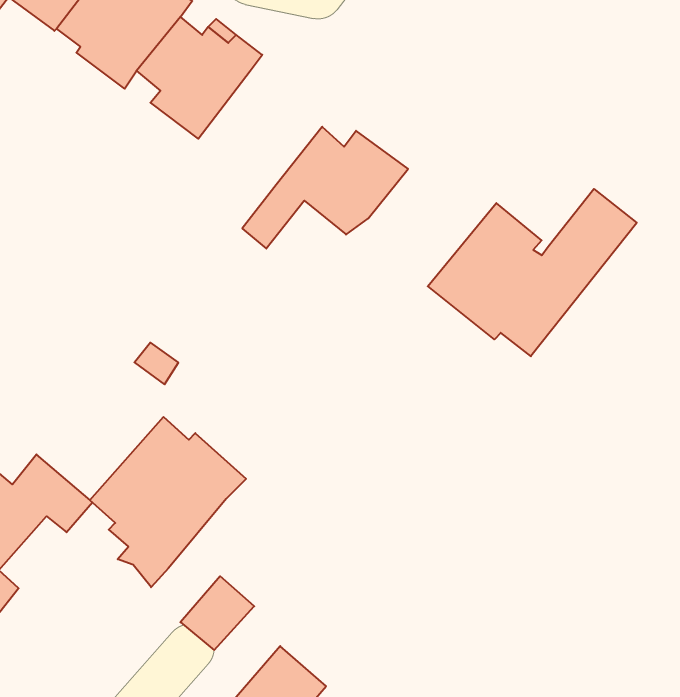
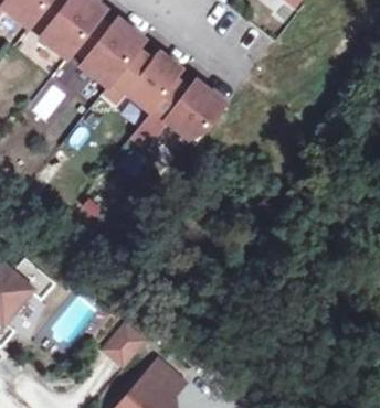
building: none -> [106,46,186,109]
building: [428,189,637,356] -> none
building: [90,417,246,587] -> none

